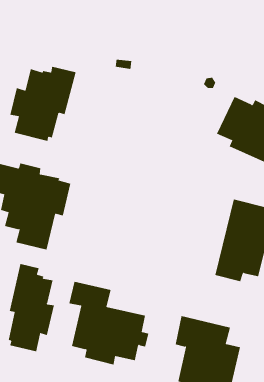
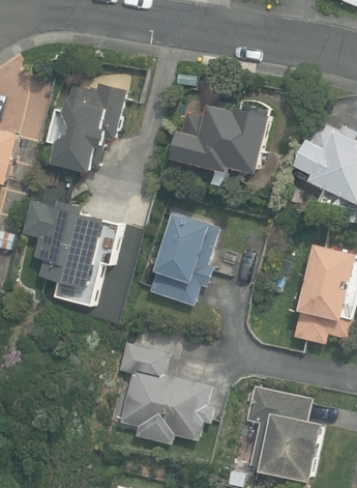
building: none -> [178,99,271,174]
building: none -> [149,213,219,306]
building: [8,263,54,352] -> none

